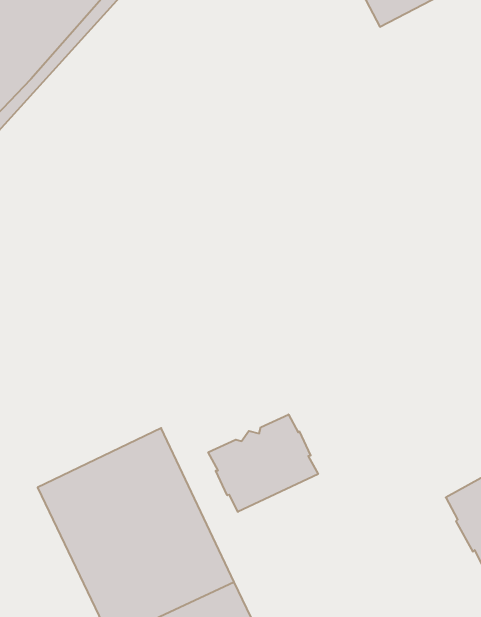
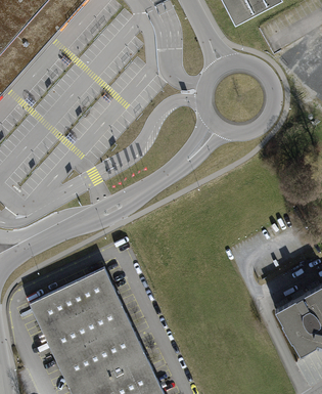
building: [208,414,318,512] -> none

